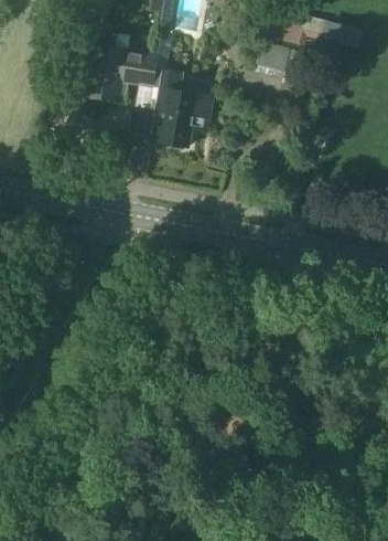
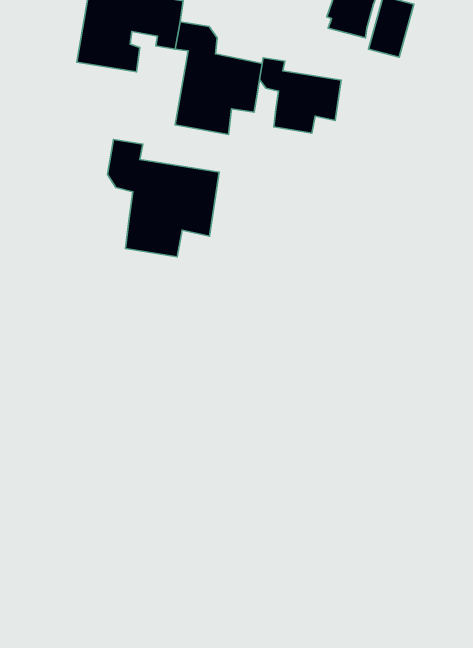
building: none -> [260,58,341,133]
building: none -> [108,140,219,257]

